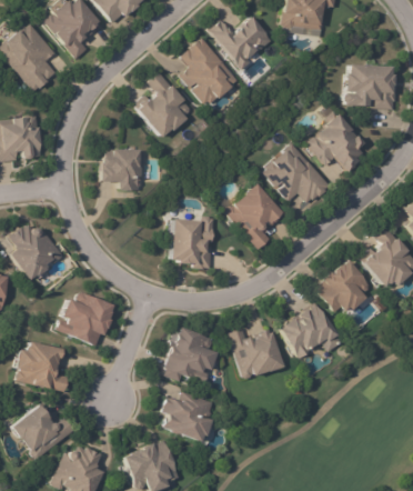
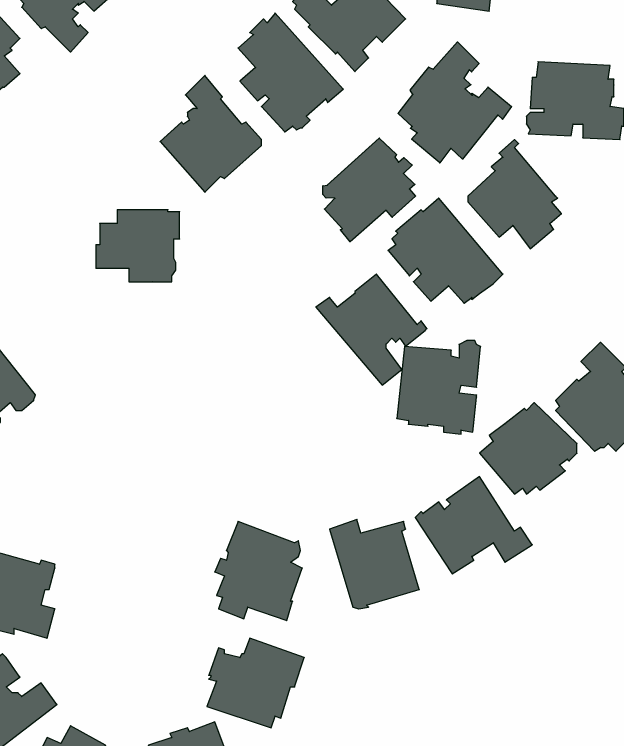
building: none -> [398,42,512,163]
building: none -> [323,138,416,242]
building: [167,217,214,270] -> [397,341,481,434]
building: [59,292,115,345] -> none

